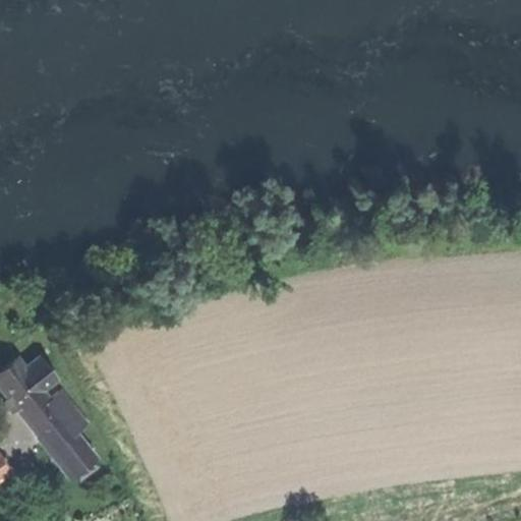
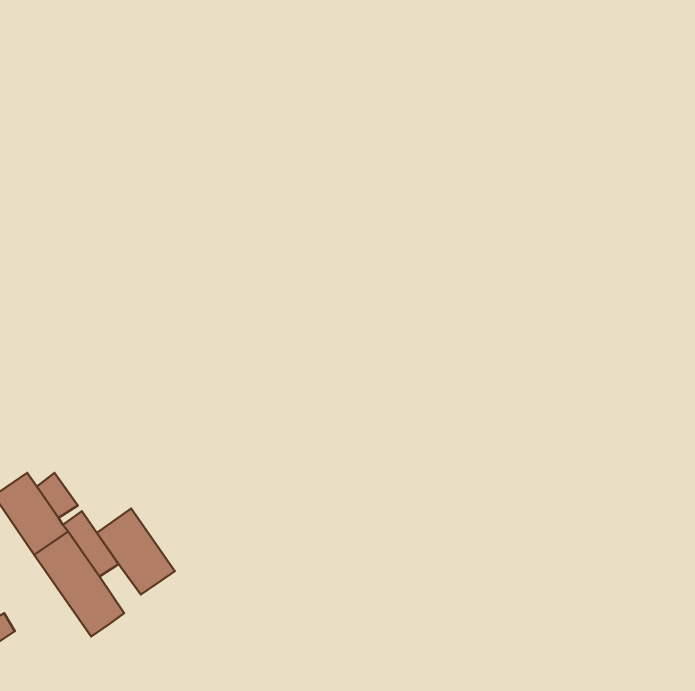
building: none -> [97,508,175,595]

